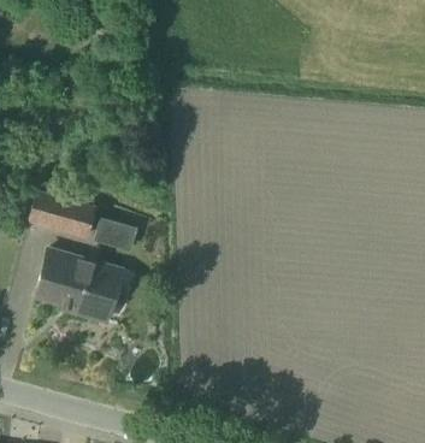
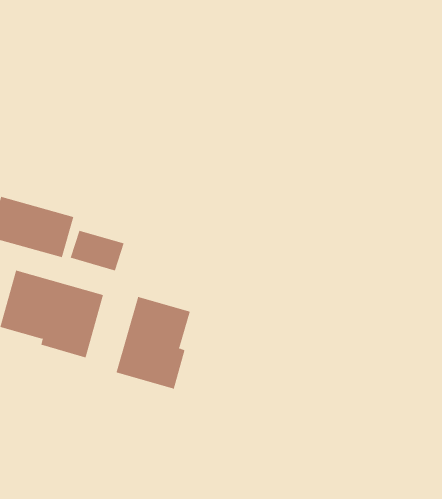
building: none -> [116,296,191,389]

